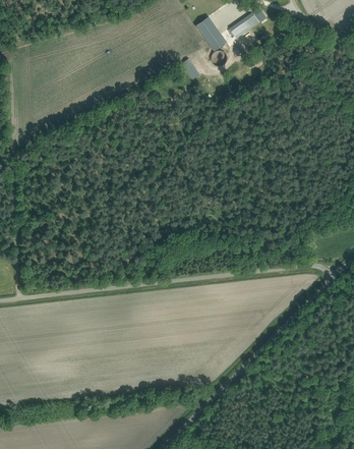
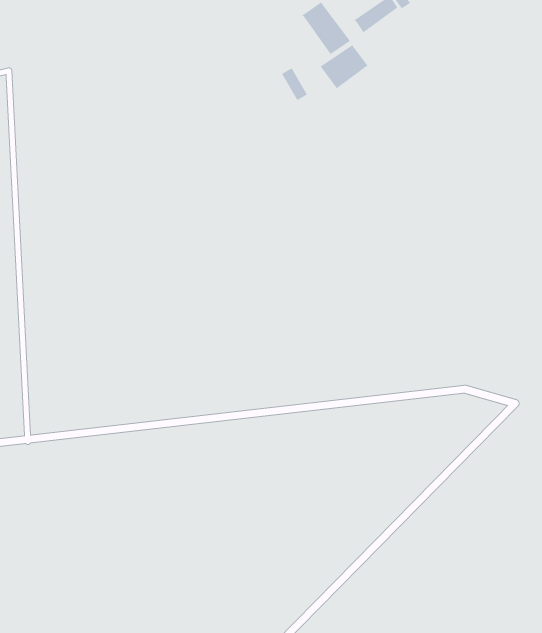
building: none -> [320,43,368,89]

